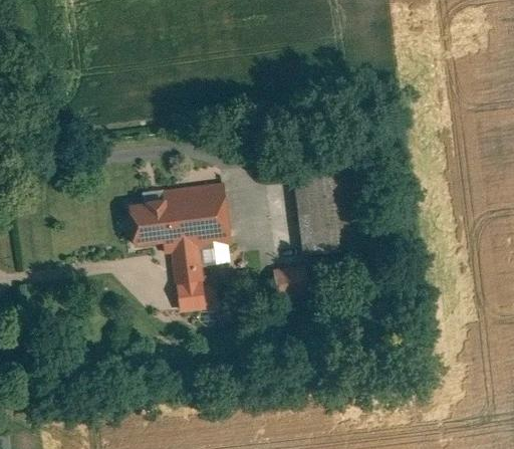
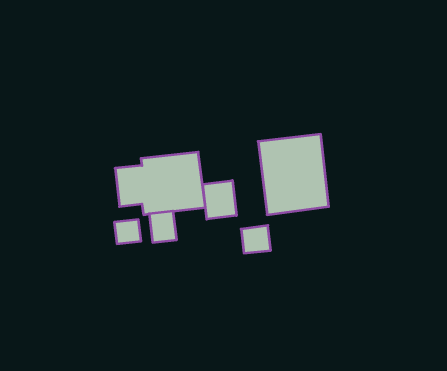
building: none -> [203,180,236,219]
building: [175,281,205,308] -> [114,220,141,244]

